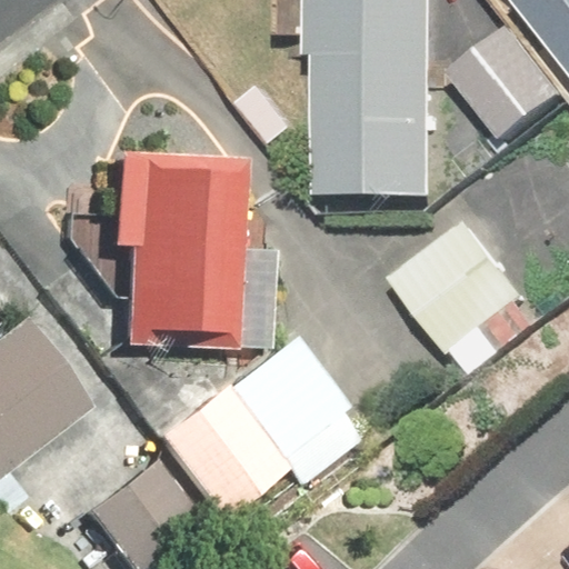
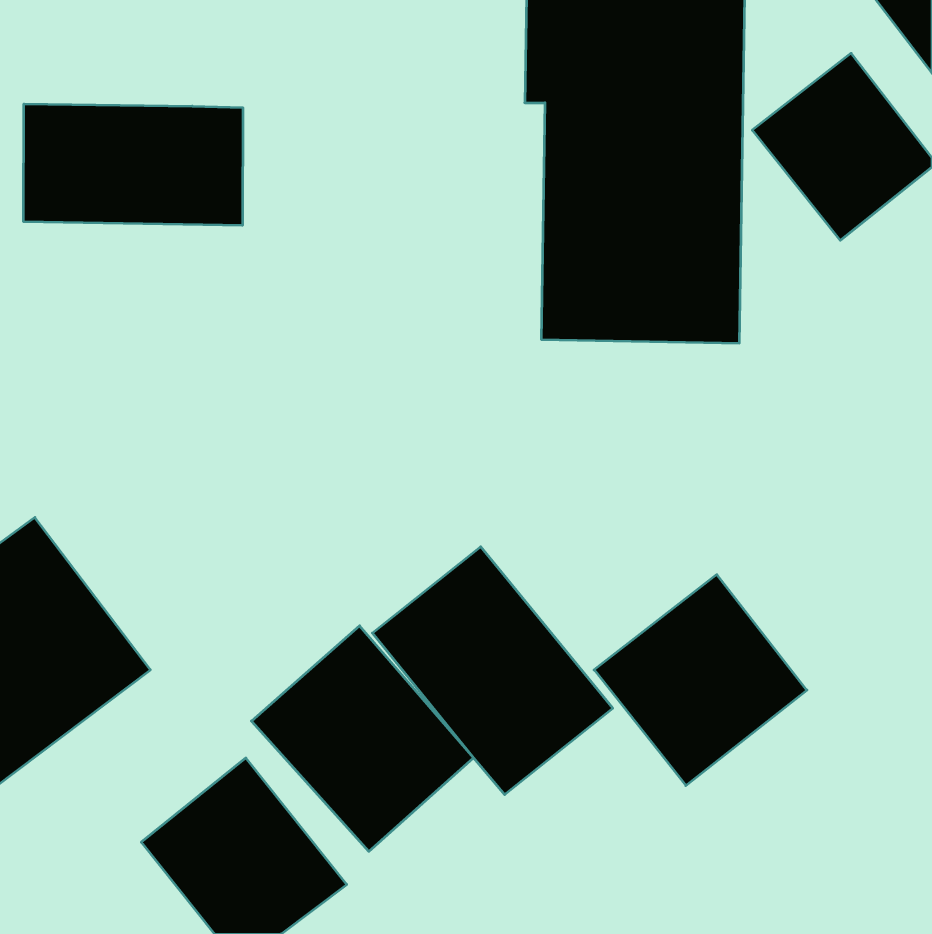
building: none -> [24,104,243,225]
building: [111,161,231,342] -> none
building: [400,224,529,352] -> [594,575,807,786]

